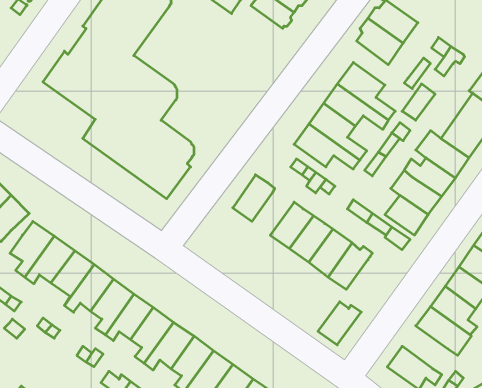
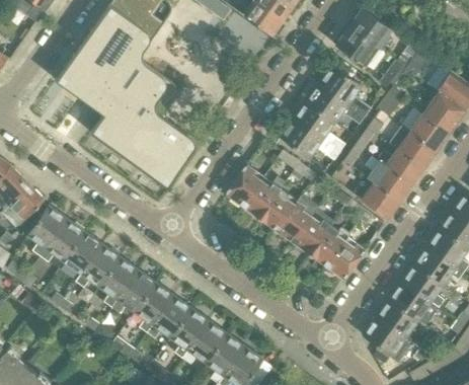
building: none -> [243,177,286,219]
building: [318,302,361,345] -> [327,241,366,280]
building: none -> [377,300,417,338]

